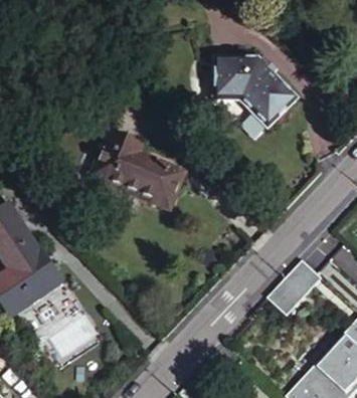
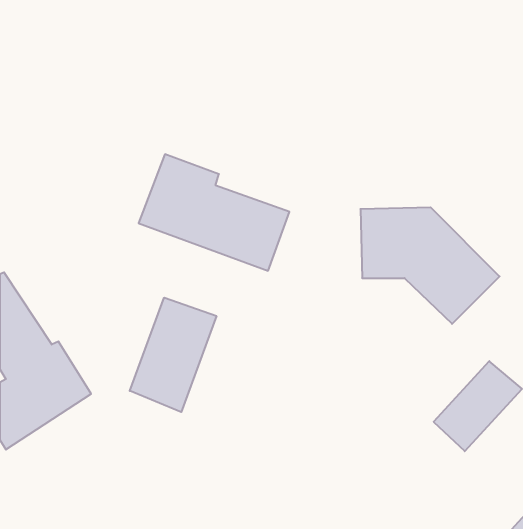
building: [212,58,298,130] -> [360,207,500,324]
building: none -> [130,298,216,412]

